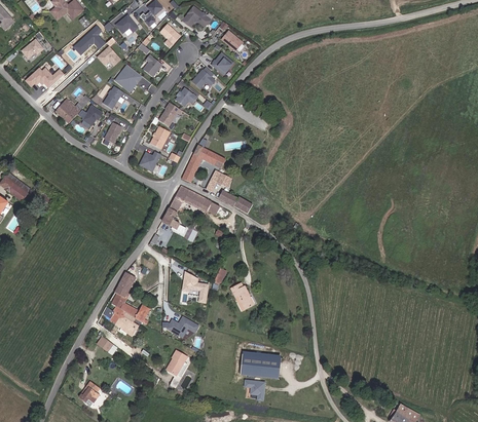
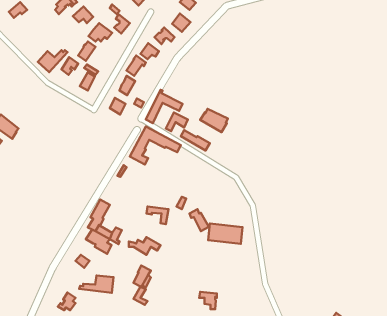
building: [25,69,63,88] -> none
building: none -> [200,109,228,132]
building: [240,353,280,377] -> [208,224,242,244]
building: none -> [79,275,114,293]

